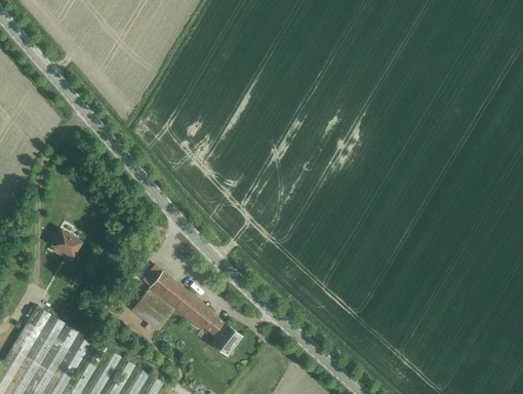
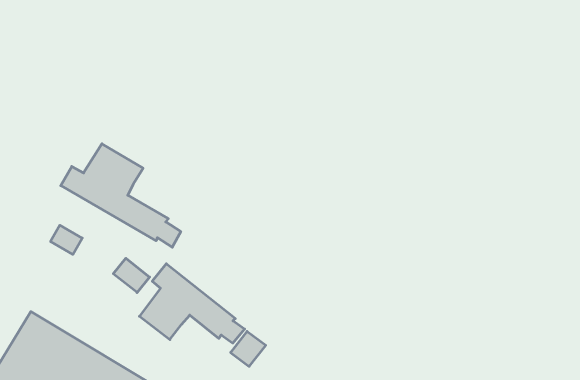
building: none -> [61,144,181,247]
building: none -> [113,258,150,293]

